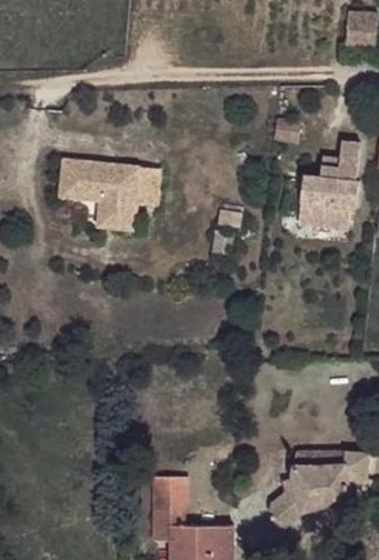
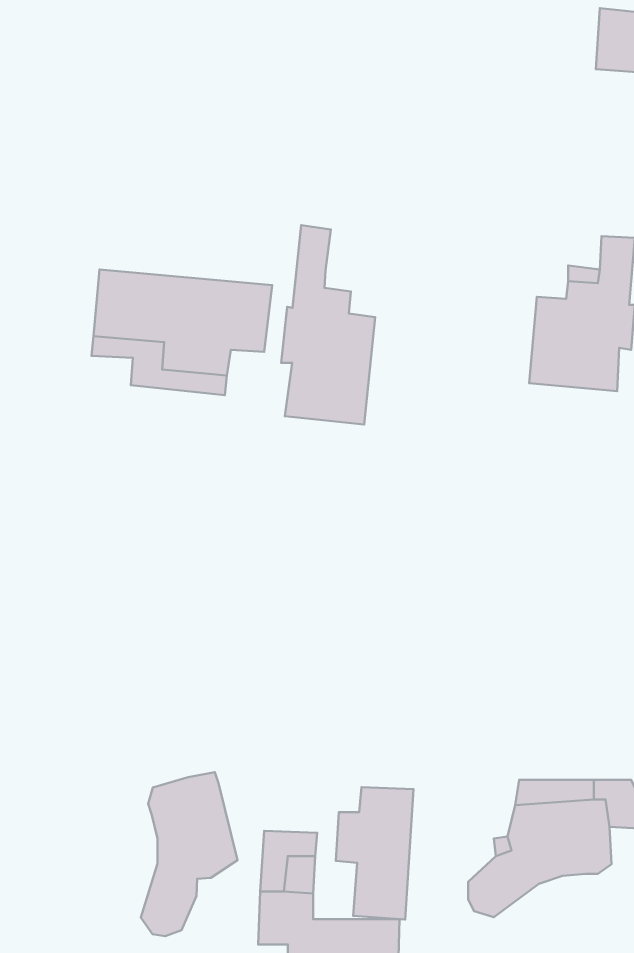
building: none -> [281,225,375,424]
building: none -> [141,772,238,936]
building: none -> [336,787,414,919]

